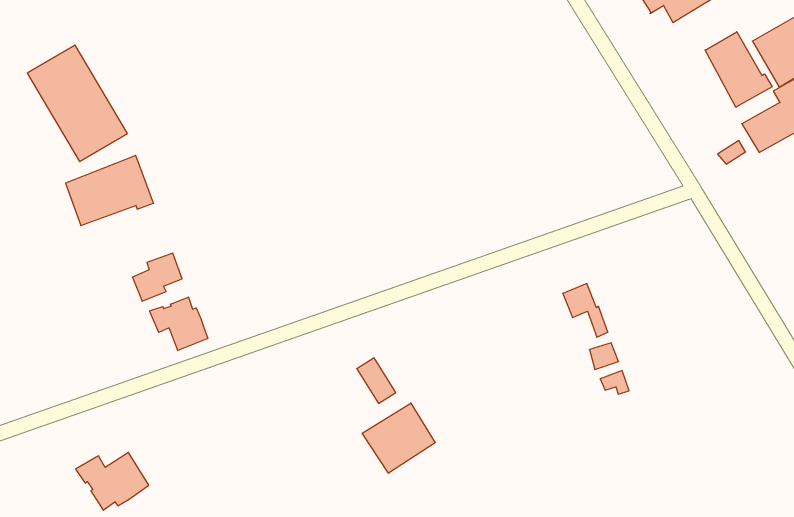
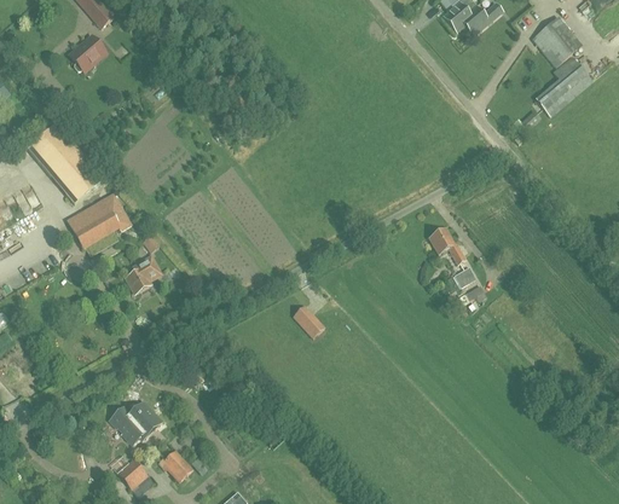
building: [705,32,772,107] -> none
building: [149,297,208,351] -> none
building: [362,403,435,473] -> none

